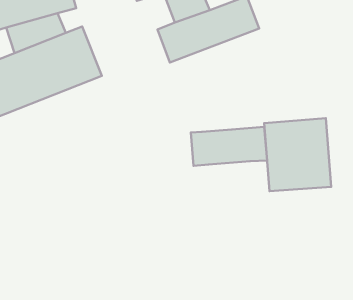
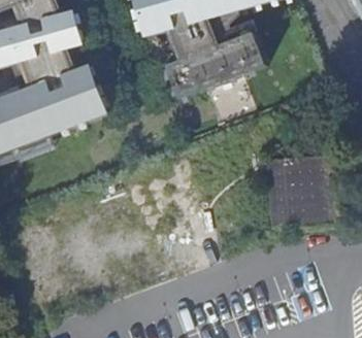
building: [191,127,267,166] -> none

